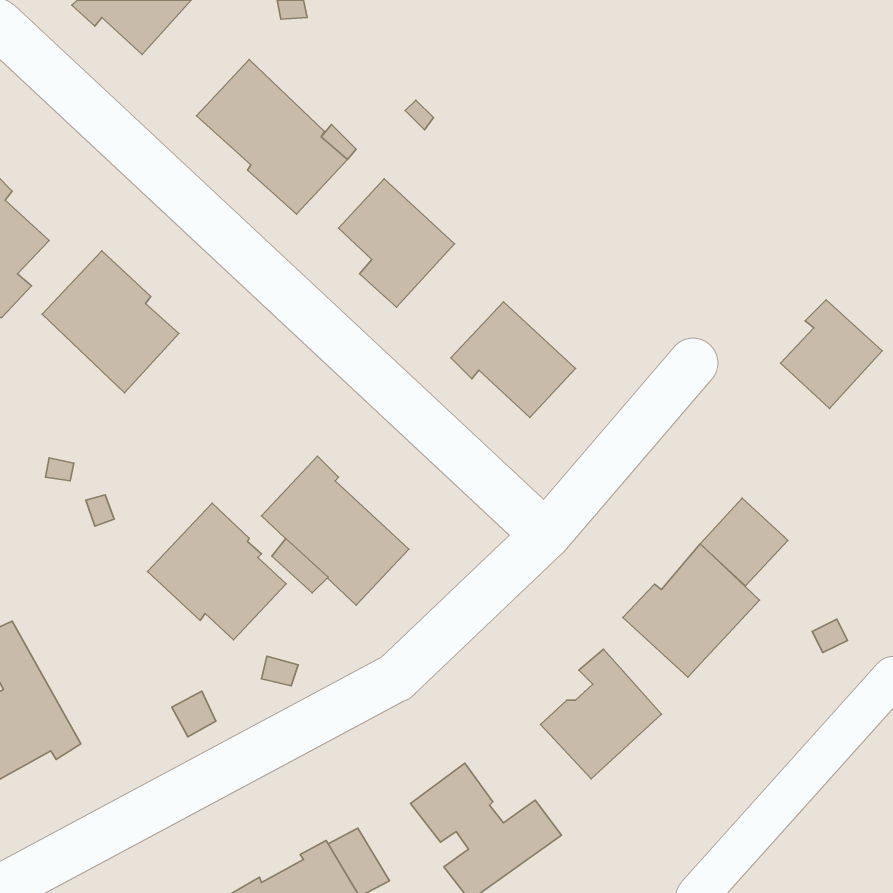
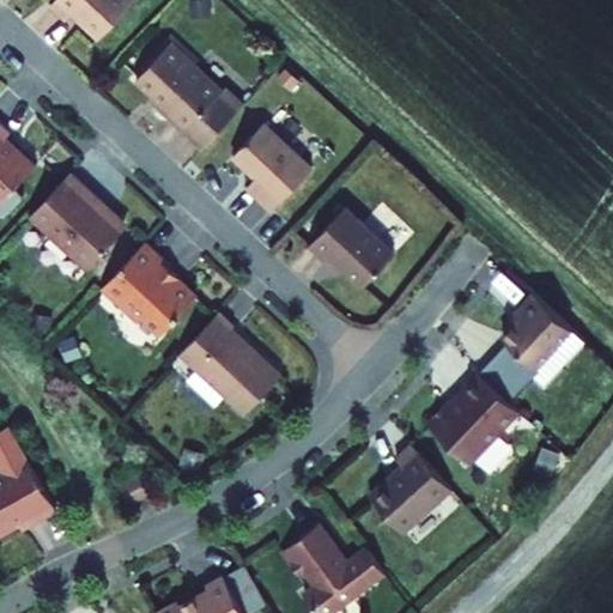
building: [780,300,882,409] -> [502,295,571,369]
building: [147,503,286,640] -> [99,243,194,336]

